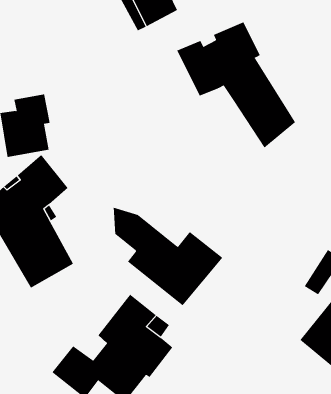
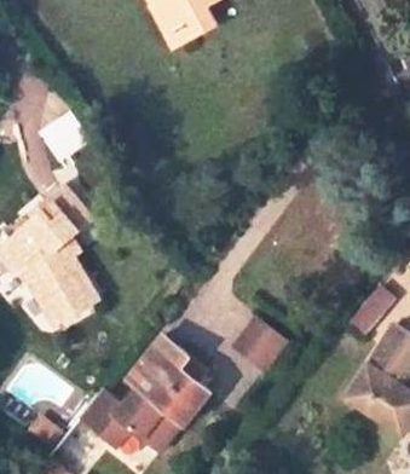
building: [176,21,296,149] -> none
building: [113,207,223,306] -> none
building: none -> [236,324,288,371]

